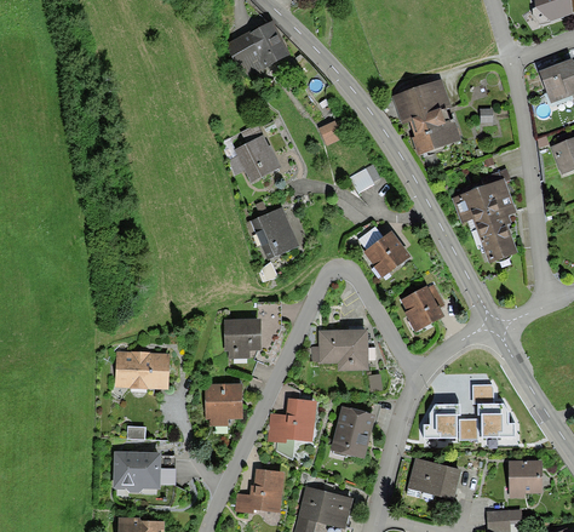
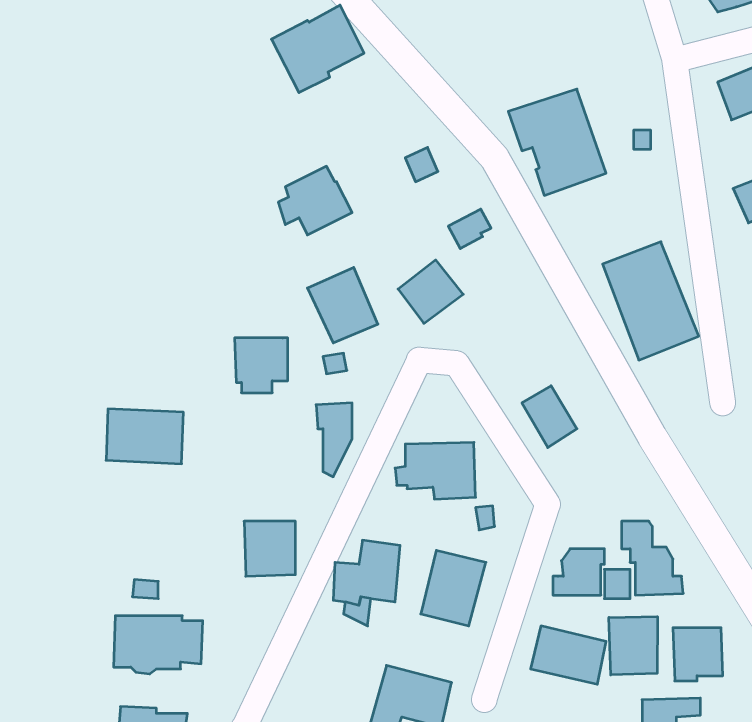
building: [365,230,411,275] -> [398,260,463,323]
building: [224,319,262,357] -> [235,338,288,393]
building: [115,350,170,389] -> [106,409,183,464]
building: none -> [609,617,657,675]
building: [235,468,285,513] -> none

